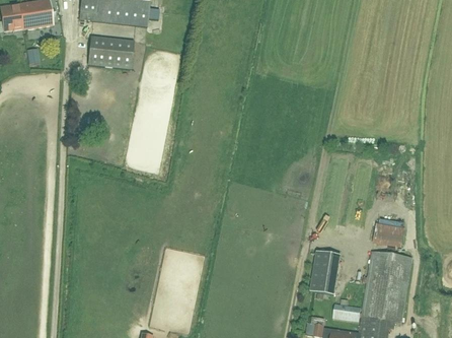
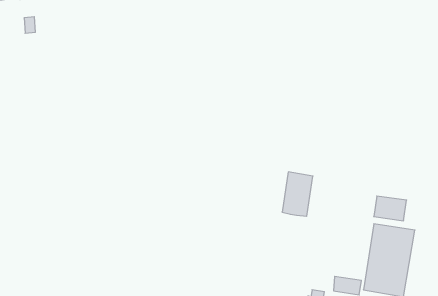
building: [88,36,134,68] -> none
building: [309,251,340,294] -> [282,172,313,216]

